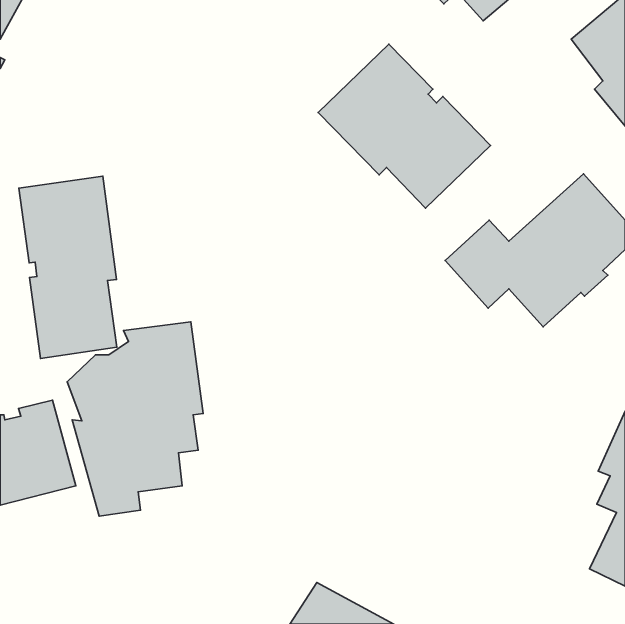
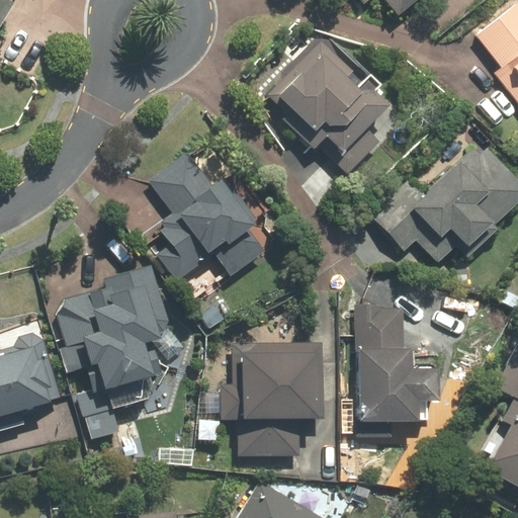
building: none -> [149,145,269,281]
building: [19,176,117,358] -> none
building: none -> [353,307,442,423]
building: none -> [218,340,324,454]

